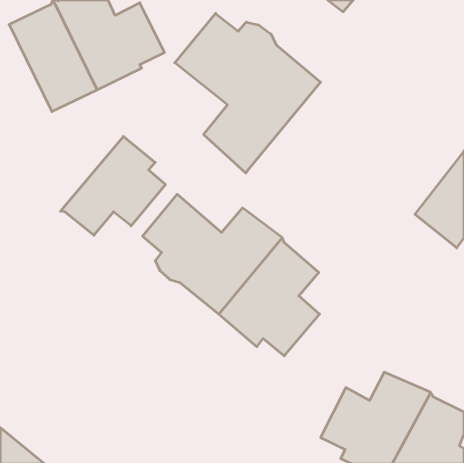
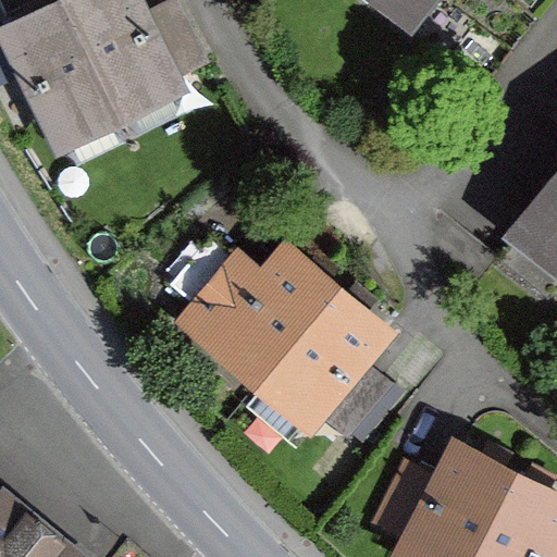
building: [175,13,321,173] -> none
building: [61,136,165,235] -> none

